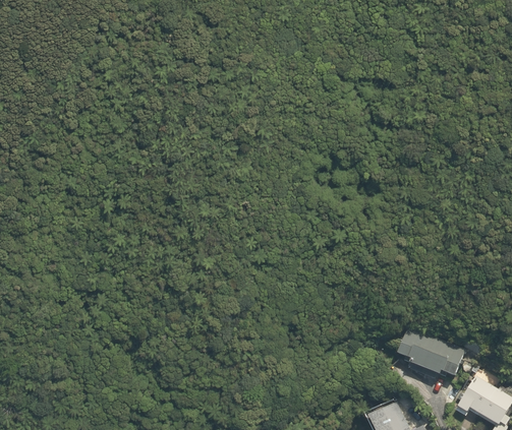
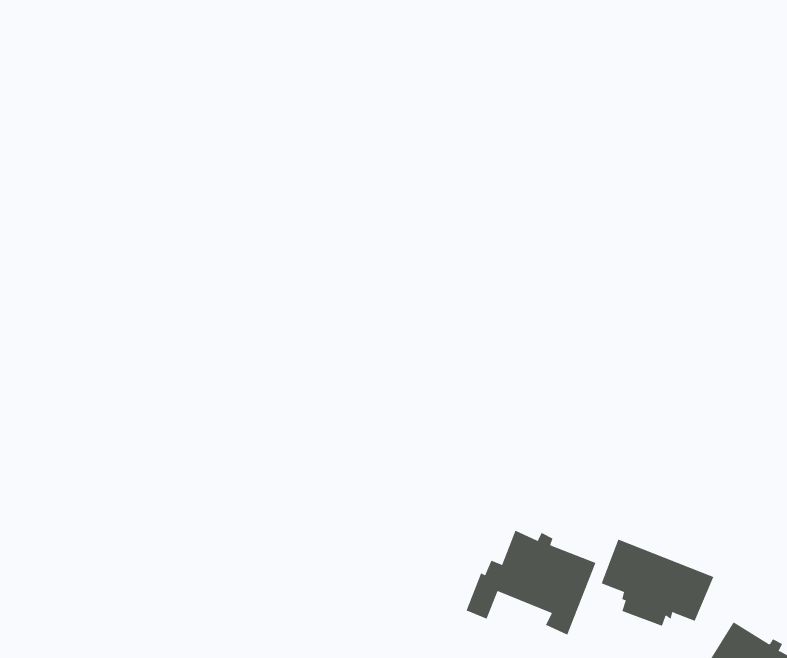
building: none -> [466,530,596,635]

